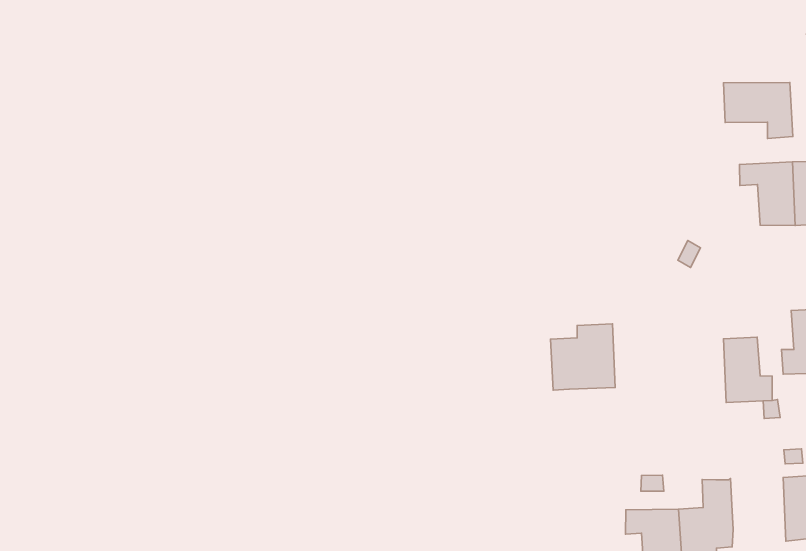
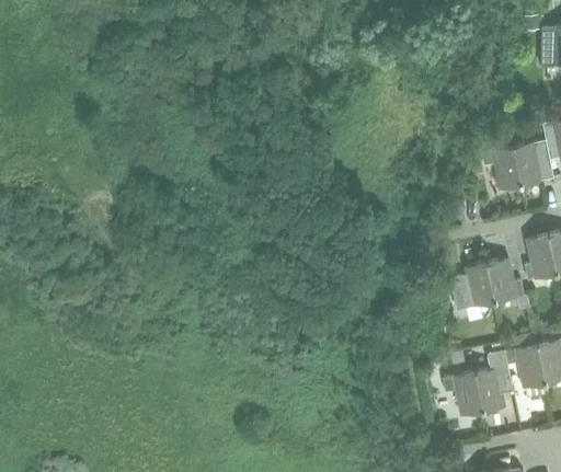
building: [724,82,793,138] -> none
building: [551,324,615,390] -> [450,263,495,310]
building: none -> [505,344,546,388]

